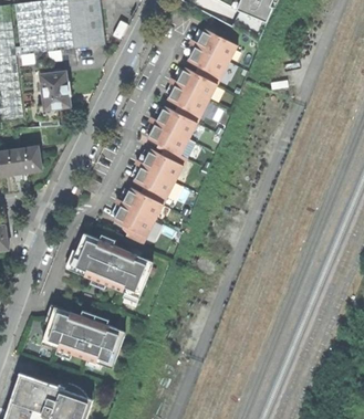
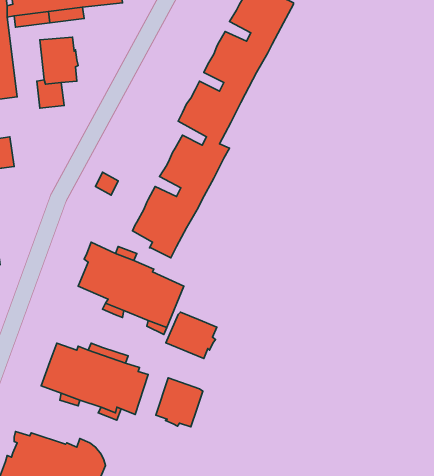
building: [17,146,40,172] -> none
building: none -> [166,312,217,359]
building: none -> [156,378,203,427]

